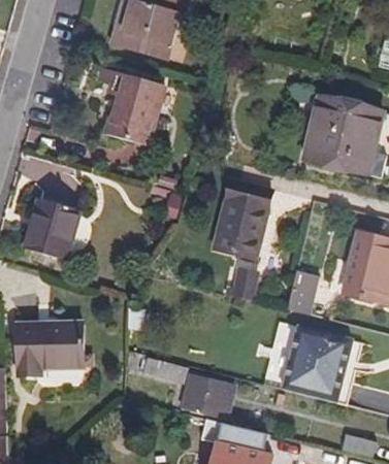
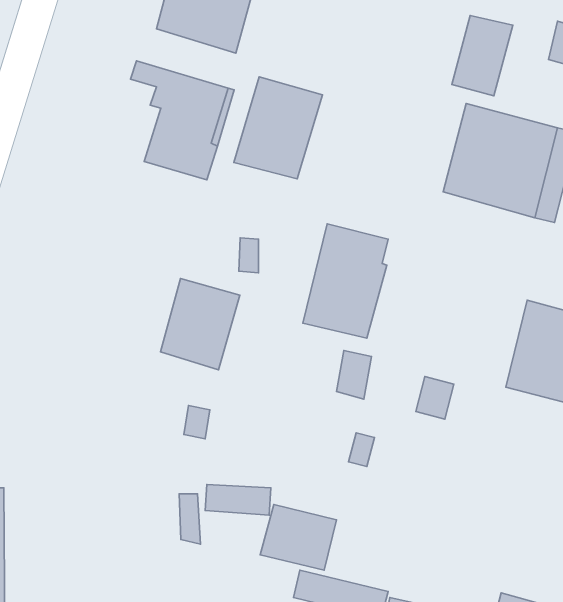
building: none -> [452,16,513,96]
building: none -> [234,77,323,179]
building: [22,200,75,262] -> [161,279,240,370]
building: [20,316,88,369] -> none
building: [277,322,343,396] -> none

